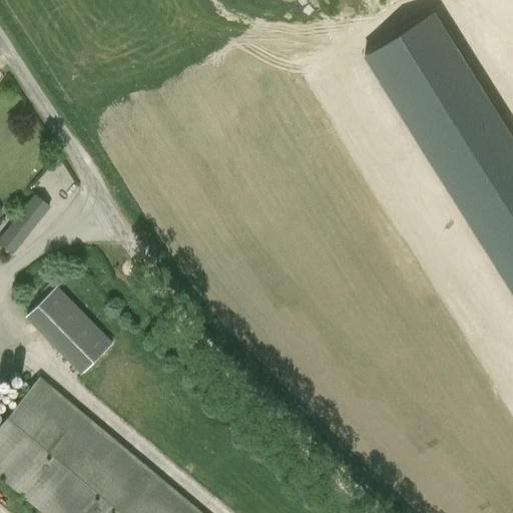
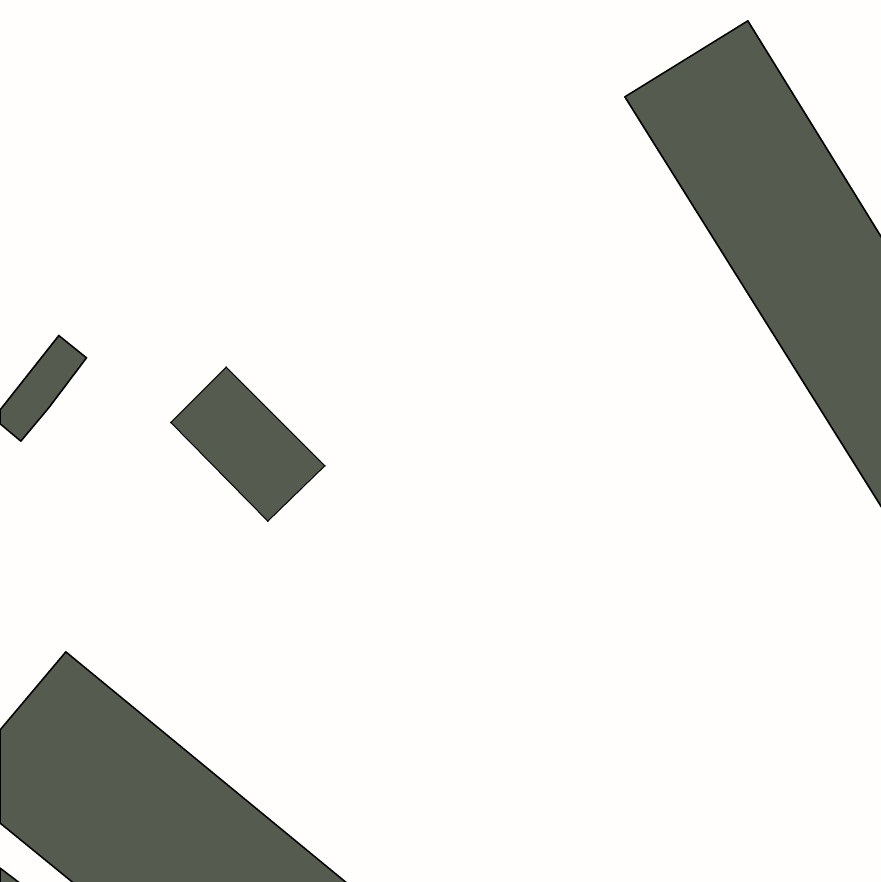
building: [26,287,115,376] -> [171,367,325,521]

